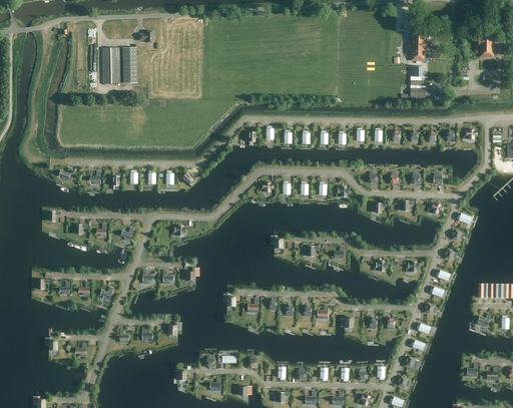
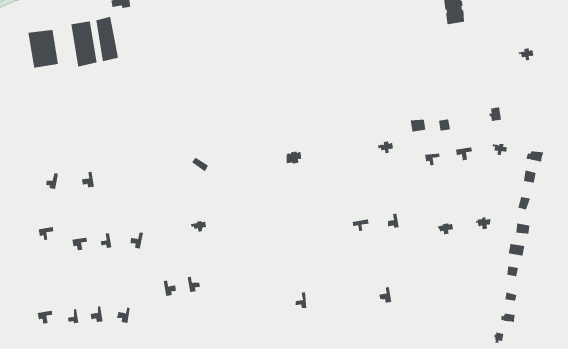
building: none -> [28,29,59,68]

